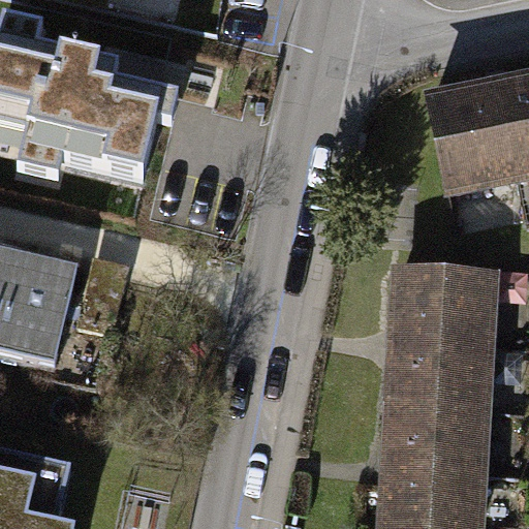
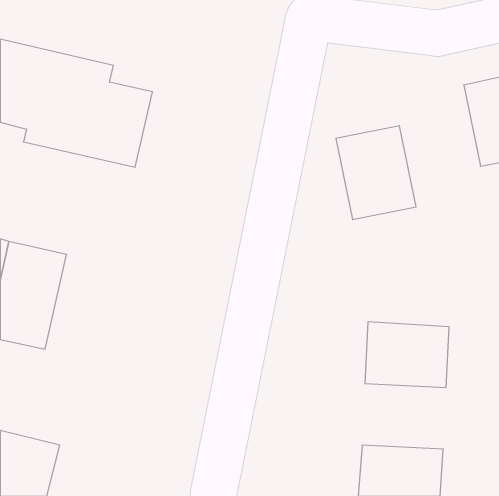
building: [424,90,508,189] -> [336,126,416,220]
building: [390,276,479,345] -> none
building: [383,405,472,474] -> none

